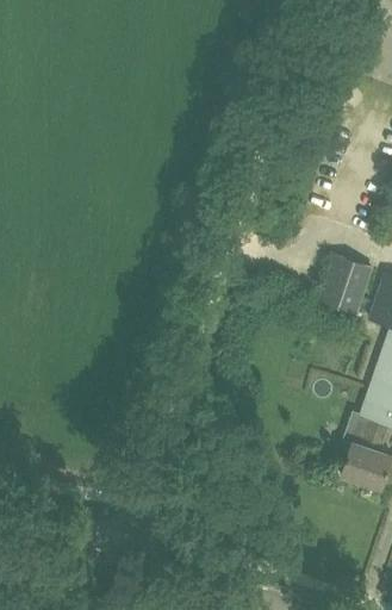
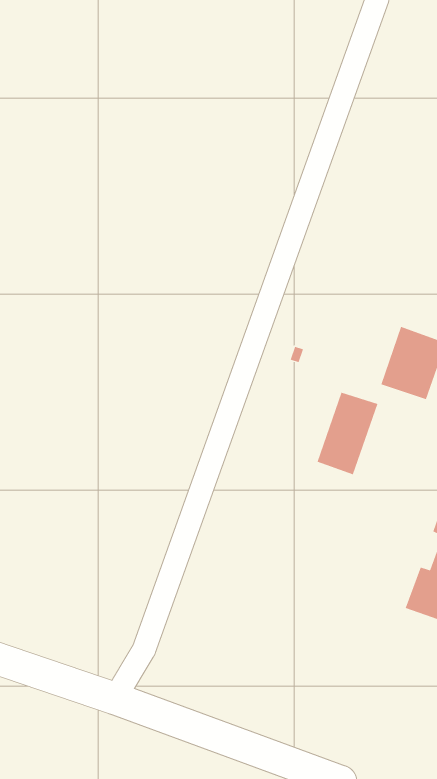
building: none -> [317,392,378,475]

